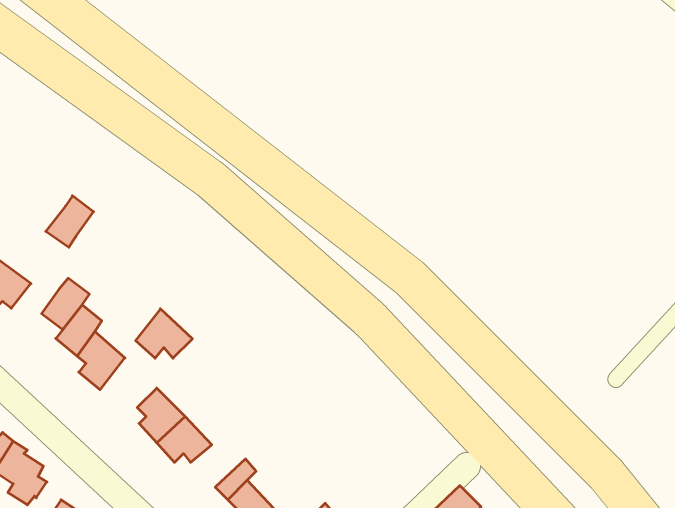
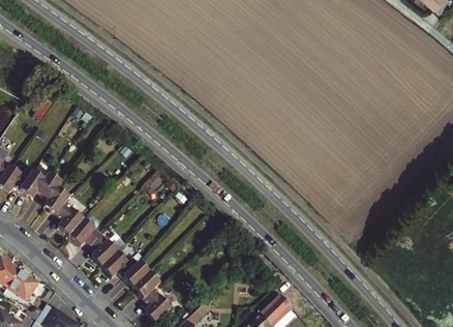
building: [46,196,94,247] -> [19,171,47,201]
building: [136,309,192,358] -> [70,220,103,249]
building: none -> [123,265,155,296]

